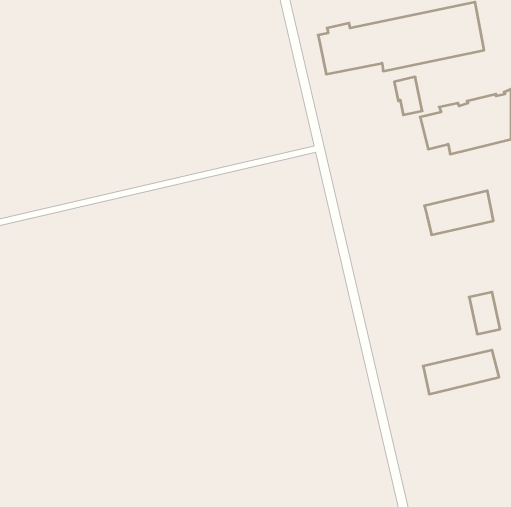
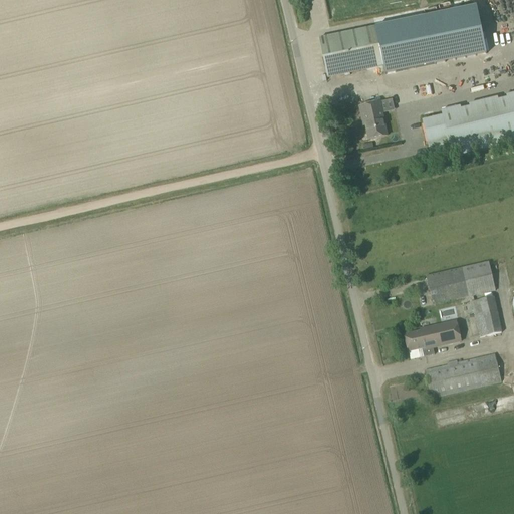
building: [394,77,422,115] -> [359,98,388,137]
building: [424,191,493,235] -> [426,258,495,302]
building: none -> [404,318,461,354]

